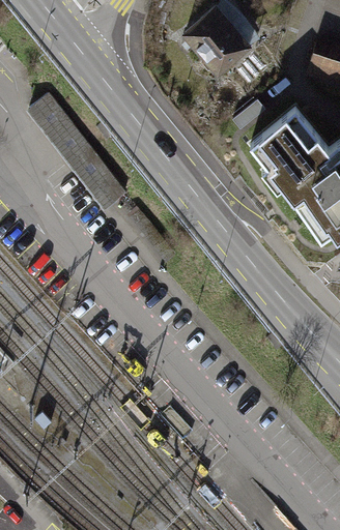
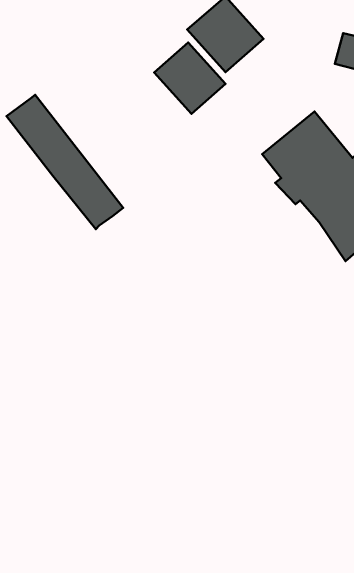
building: none -> [154,42,225,114]

